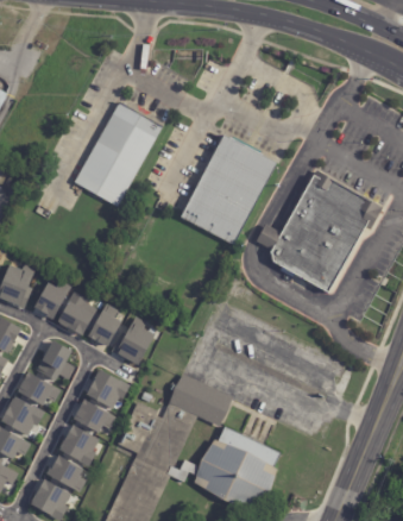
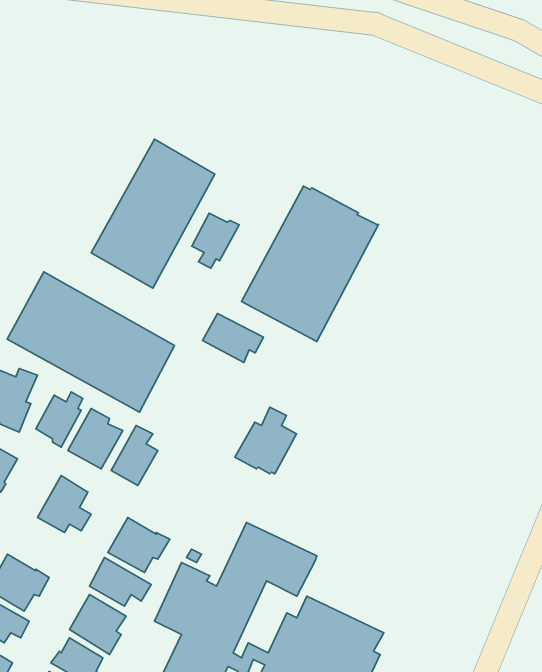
building: none -> [192,213,239,268]
building: [256,167,384,293] -> none
building: none -> [7,272,174,412]
building: none -> [202,314,264,363]
building: [108,316,152,364] -> [235,407,297,474]
building: [15,372,58,406] -> none

